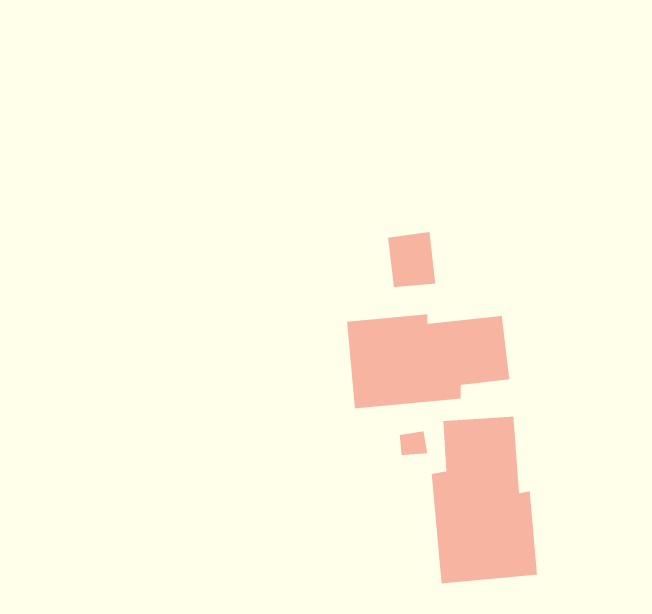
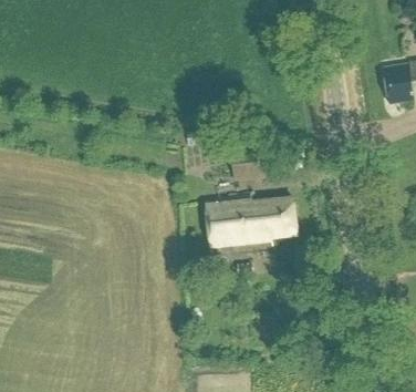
building: [431,416,538,584] -> none

